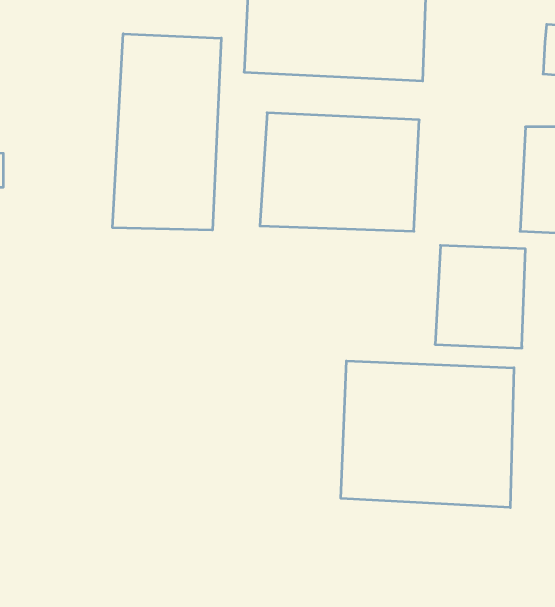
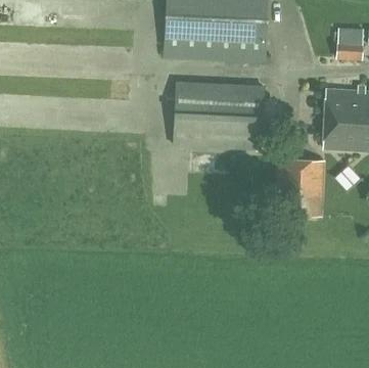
building: [113,34,221,230] -> none
building: [341,361,514,508] -> none

